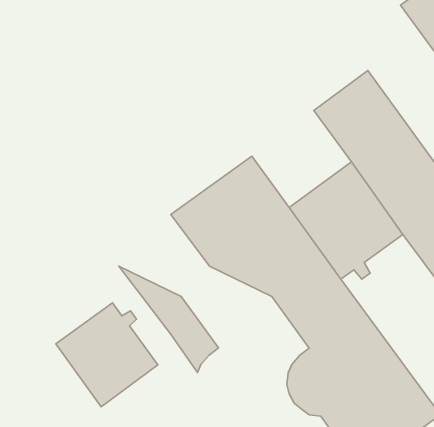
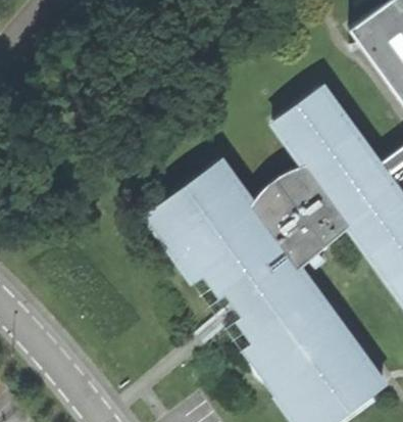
building: [119,266,219,373] -> [184,255,270,348]
building: [56,303,158,407] -> none

